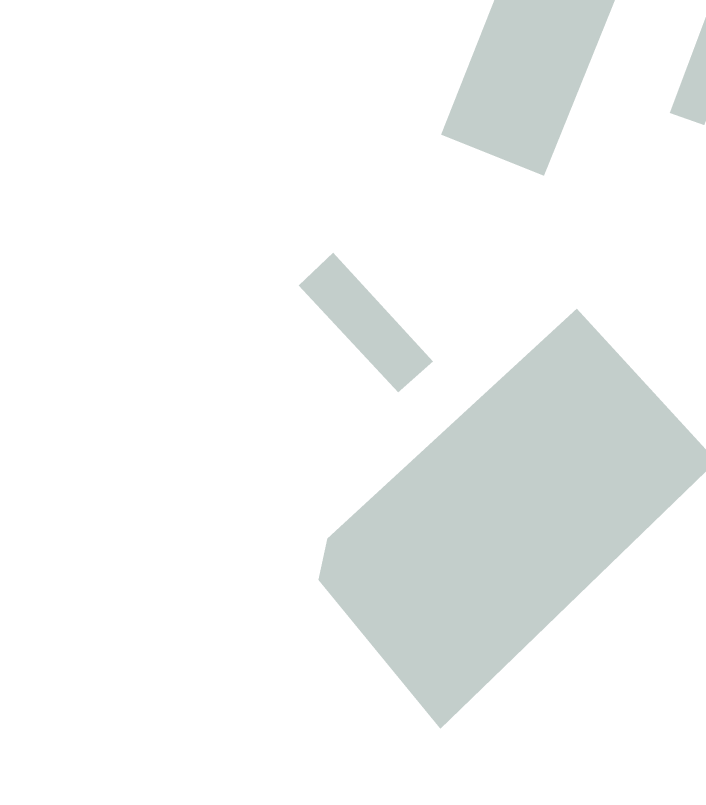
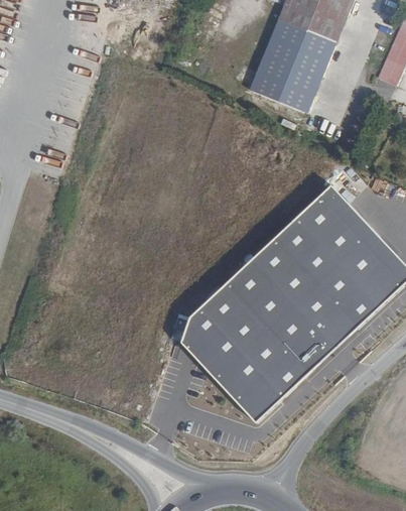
building: [298,252,434,393] -> none

